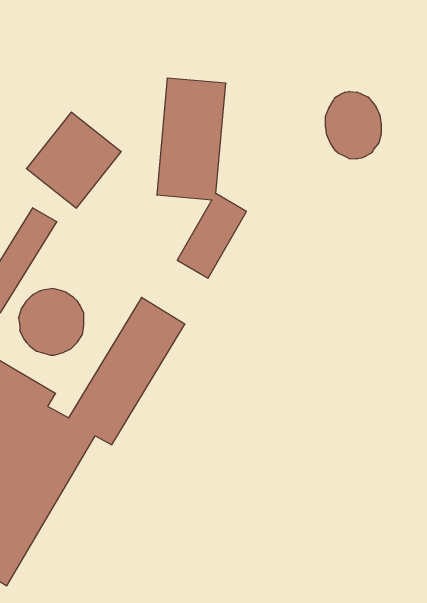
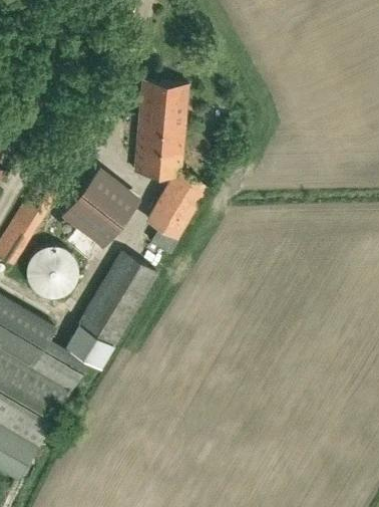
building: [325,91,381,159] -> none
building: [26,112,121,208] -> [62,172,136,247]

